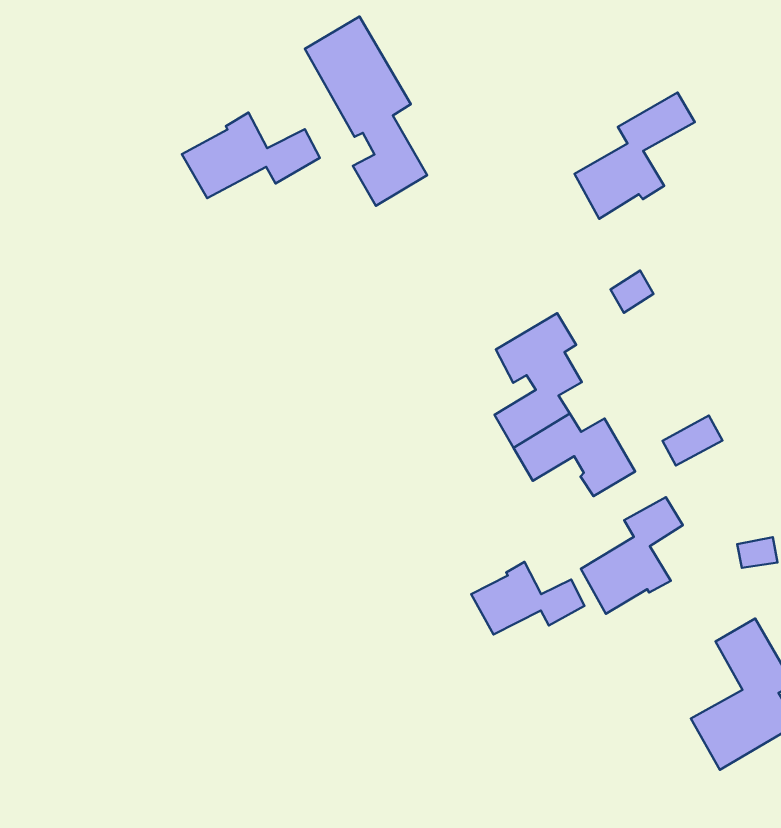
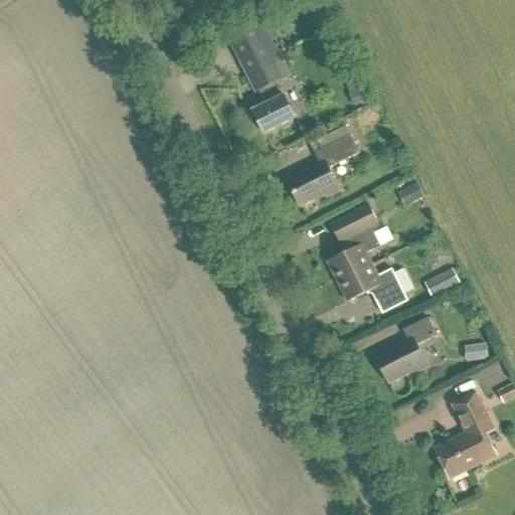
building: [574,92,695,219] -> [288,135,360,206]
building: [182,113,320,198] -> none
building: [471,562,585,634] -> none

